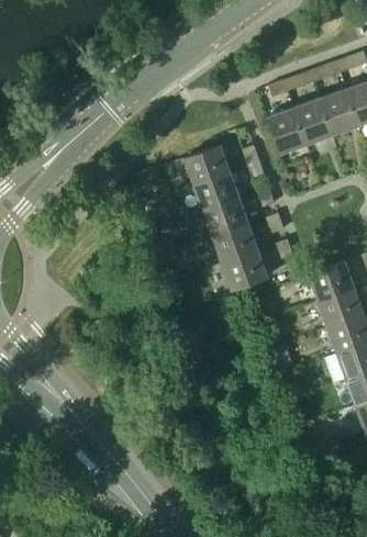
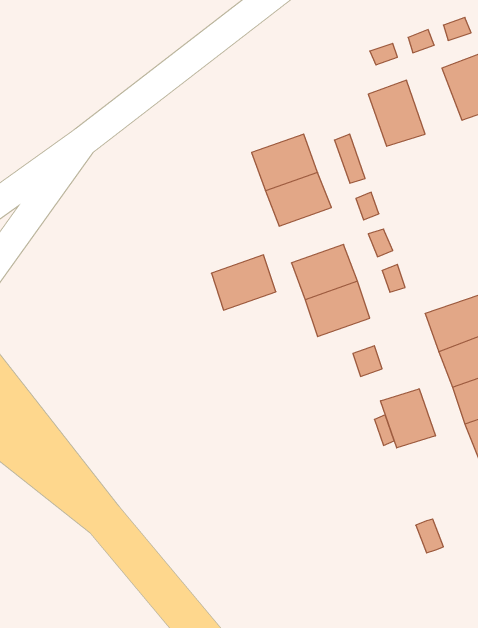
building: [293,98,333,145] -> none
building: [202,198,248,237] -> [211,255,276,310]
building: none -> [381,389,435,448]

